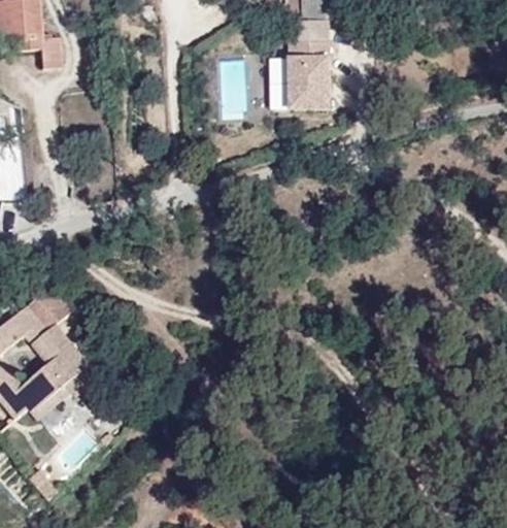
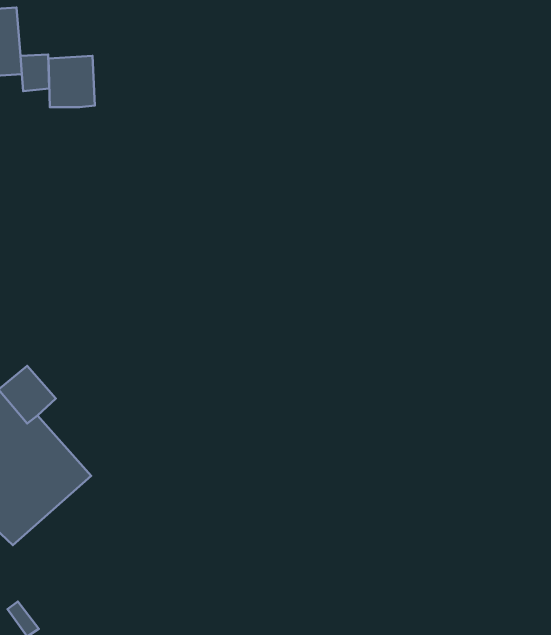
building: [283,44,328,113] -> none
building: none -> [49,56,95,107]

